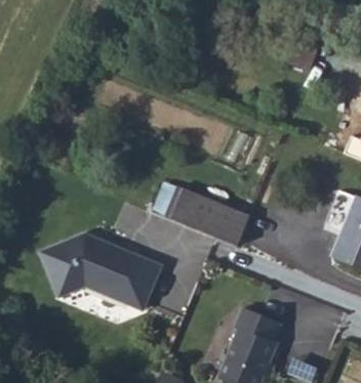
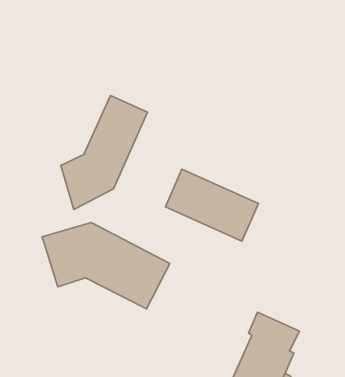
building: none -> [61,95,147,209]

